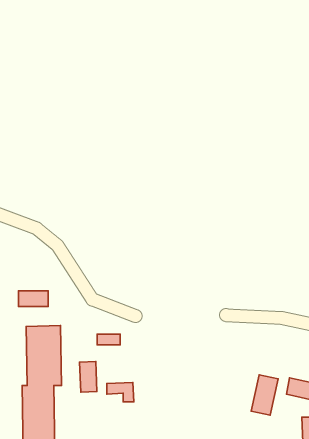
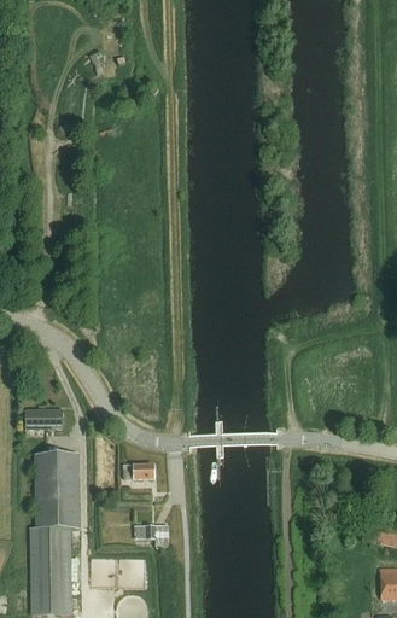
building: [80,362,97,392] -> none
building: [251,375,278,415] -> none

